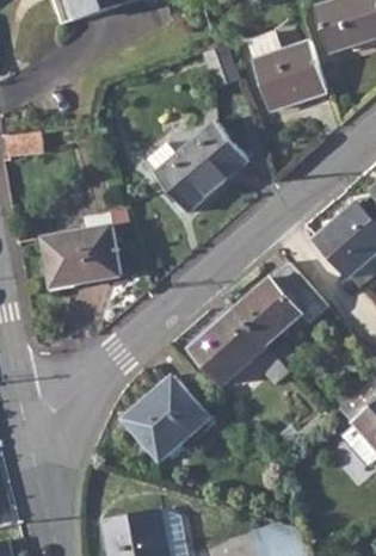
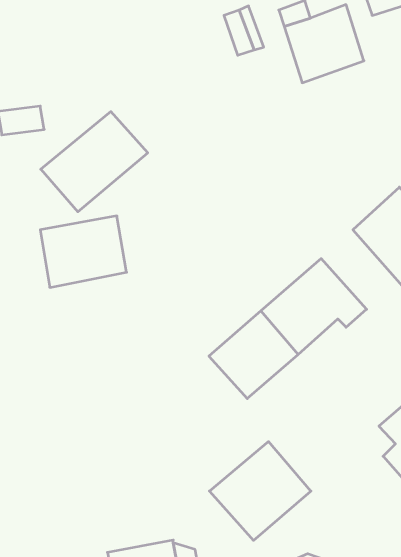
building: [155,124,248,211] -> [41,112,148,212]
building: [121,377,209,463] -> [209,442,311,540]

